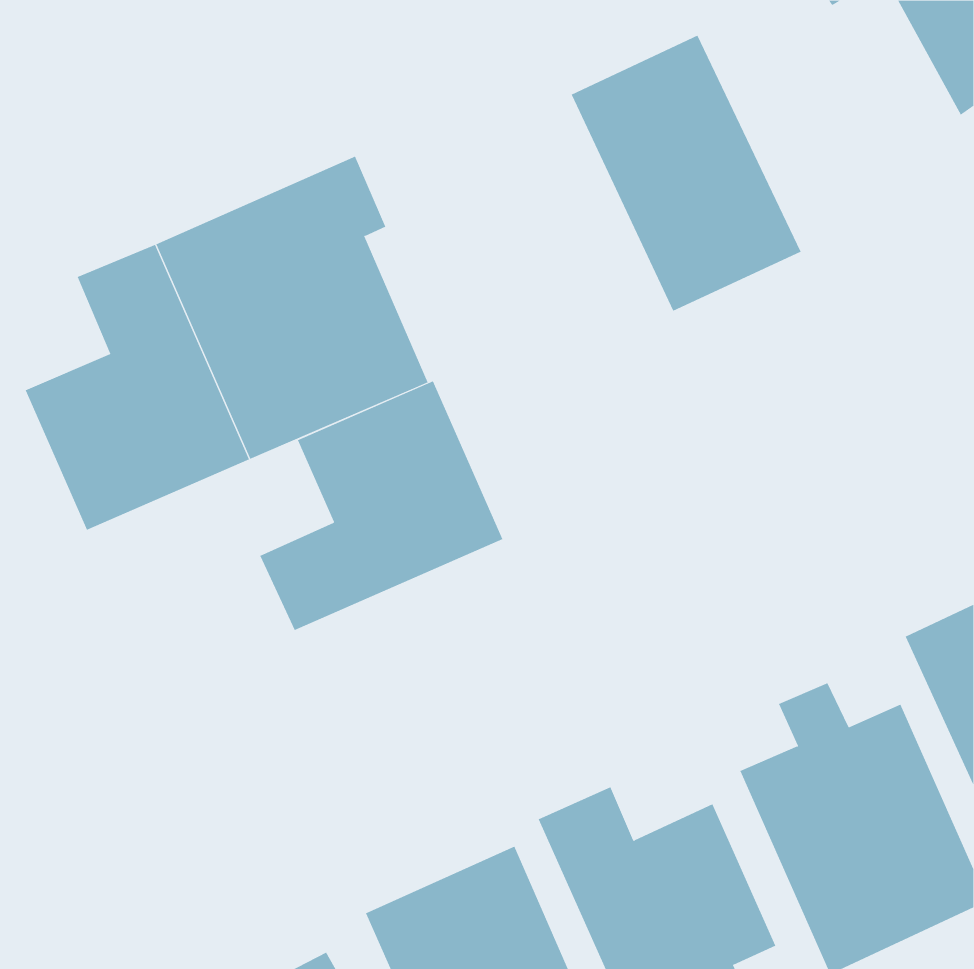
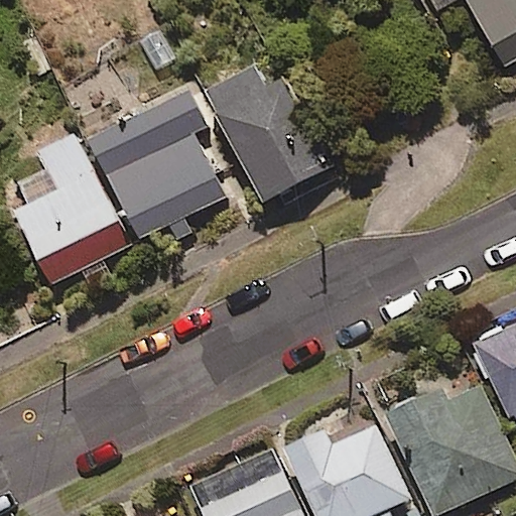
building: [571,35,801,312] -> [208,55,329,201]
building: [260,380,503,631] -> none

